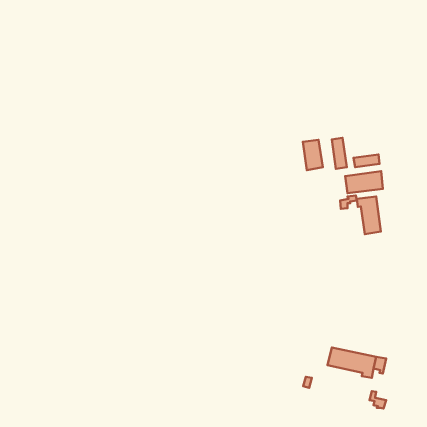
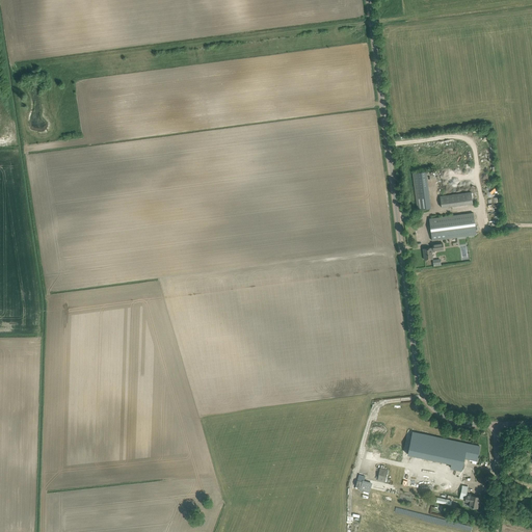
building: [303,140,323,170] -> none
building: [357,196,381,234] -> none

